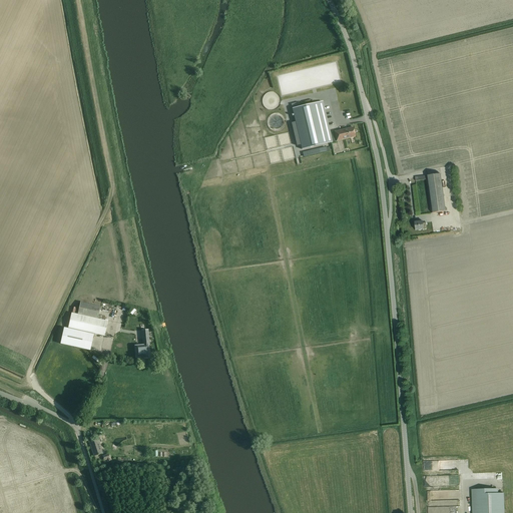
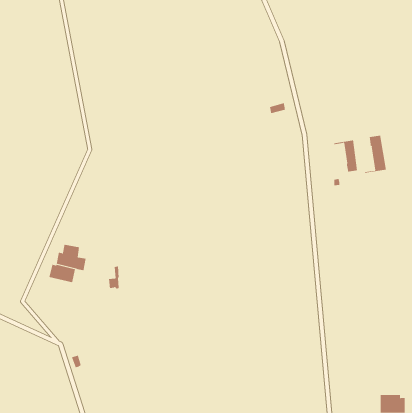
building: [292,101,331,149] -> none
building: none -> [364,135,387,173]

